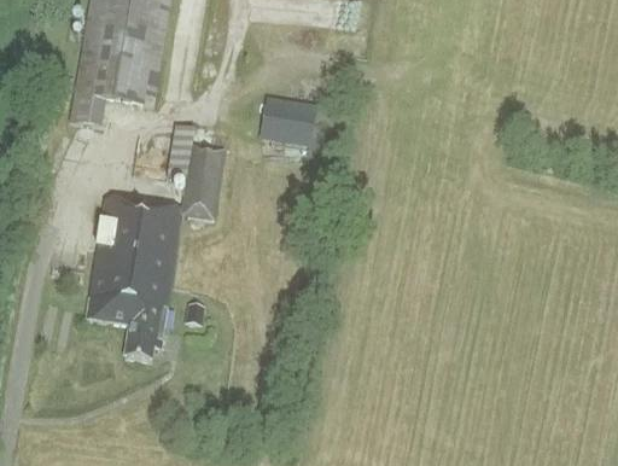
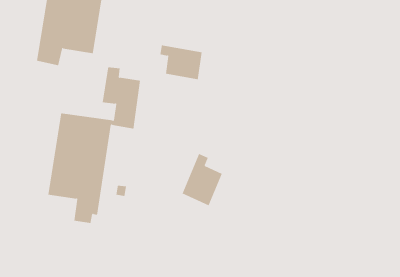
building: none -> [182,153,223,206]

